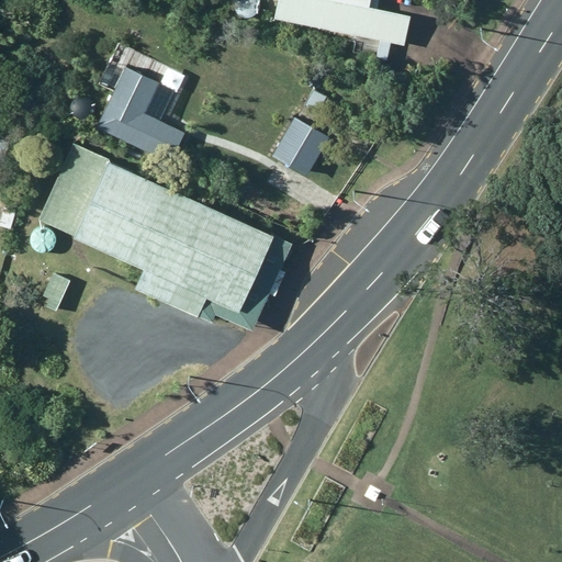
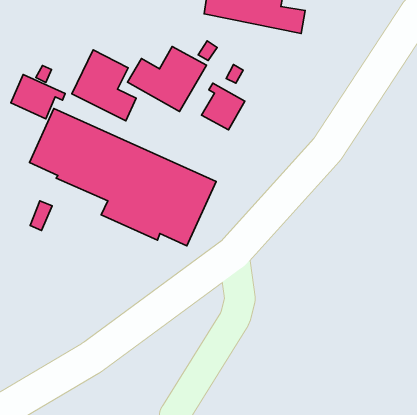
building: none -> [127,46,206,112]
building: none -> [11,75,65,119]

